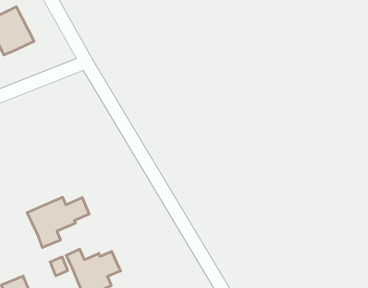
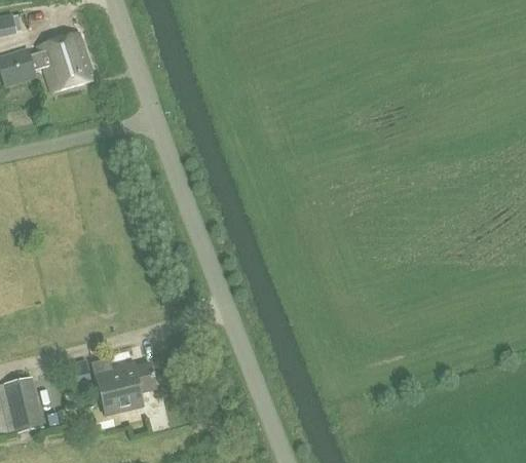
building: [27,197,89,248] -> none

